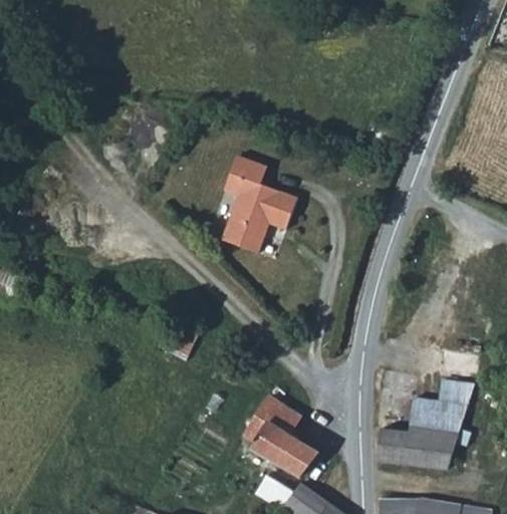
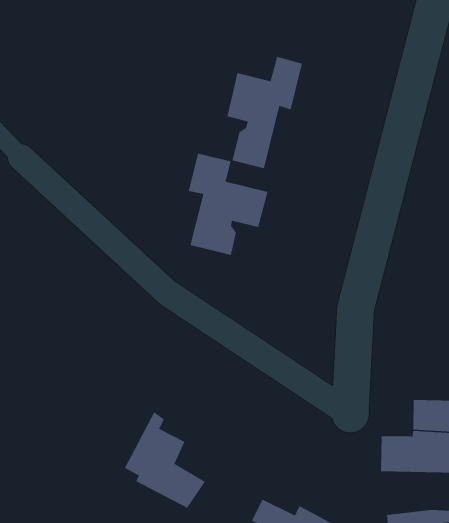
building: none -> [226,56,303,169]
building: [243,386,316,477] -> [124,411,206,509]

